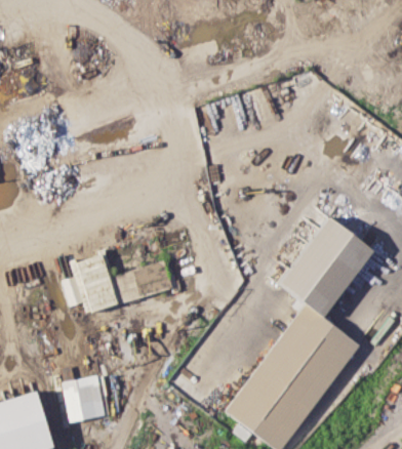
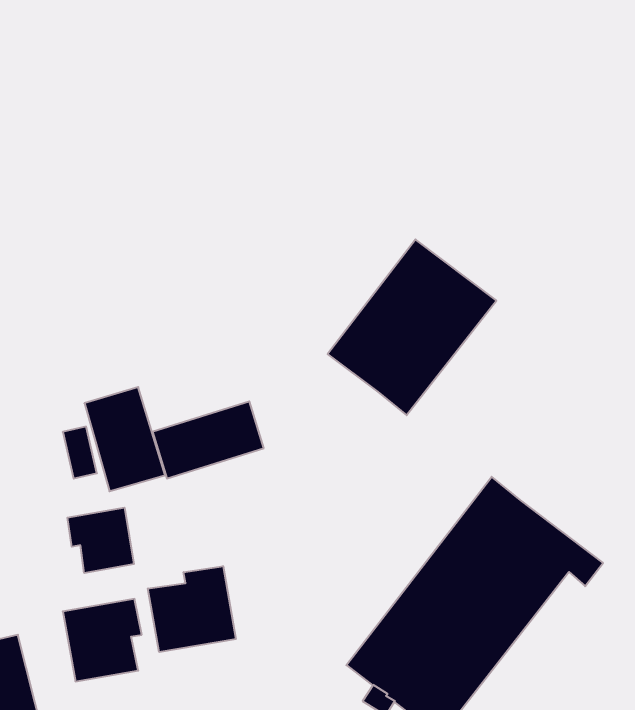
building: [278,217,374,318] -> [328,239,496,415]
building: none -> [67,508,134,573]
building: none -> [148,566,236,652]

